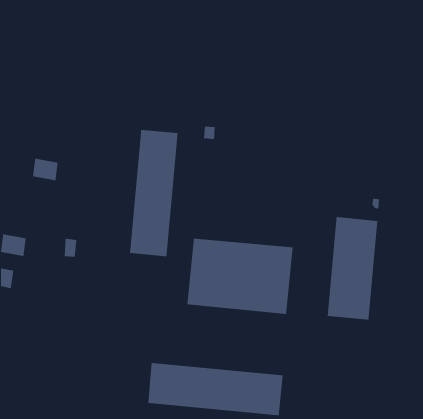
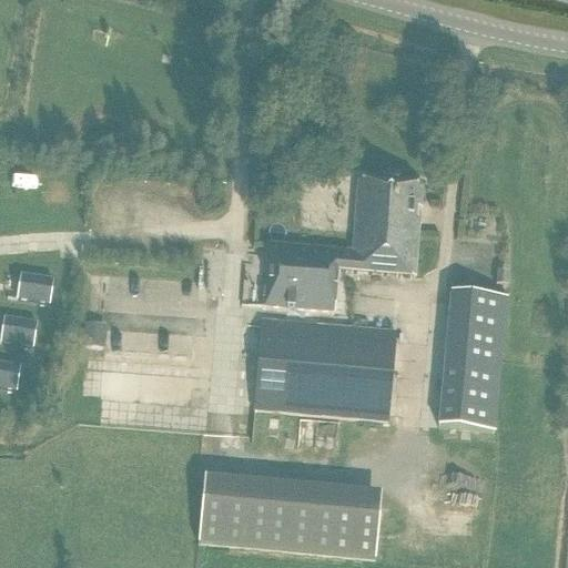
building: [130,129,178,257] -> none
building: none -> [258,175,424,312]
building: [32,158,59,181] -> [18,270,53,300]

